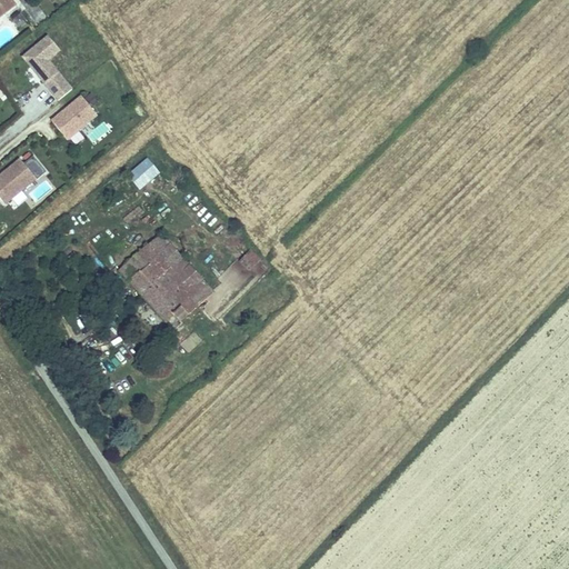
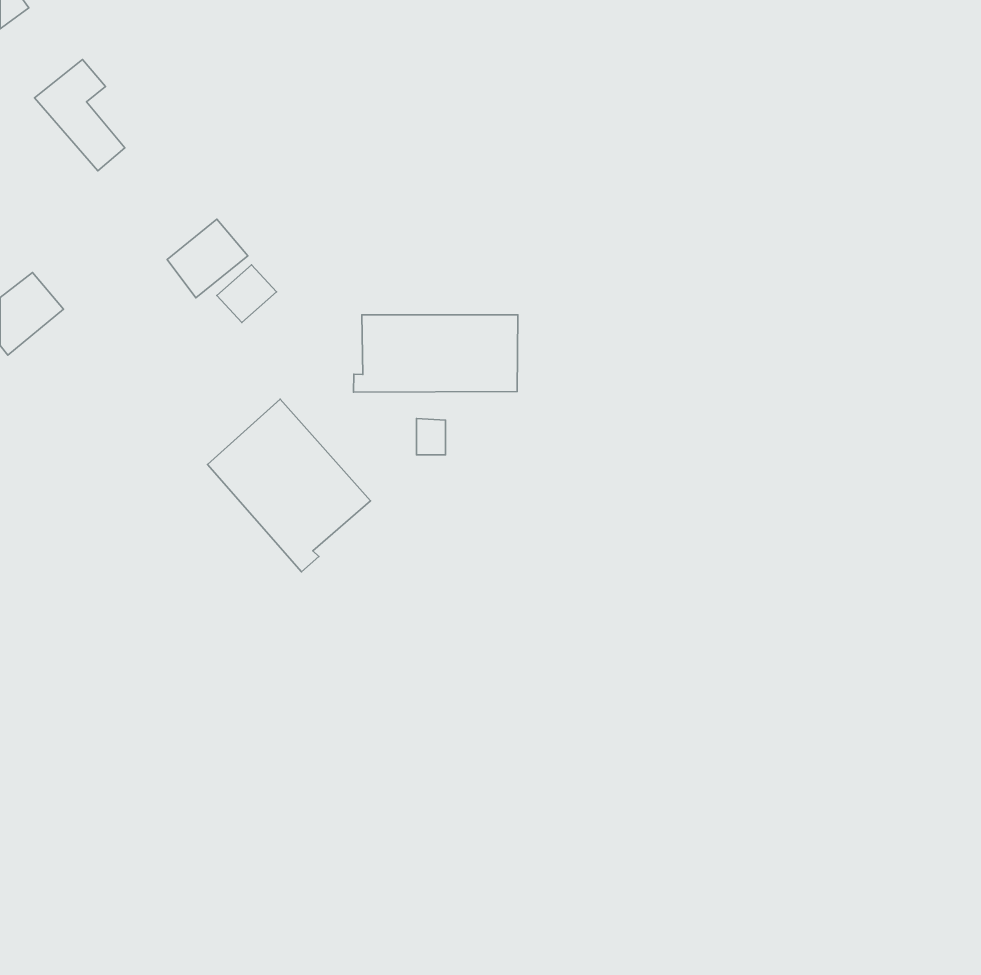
building: [51,94,98,140] -> [167,219,248,298]
building: none -> [354,315,518,392]

